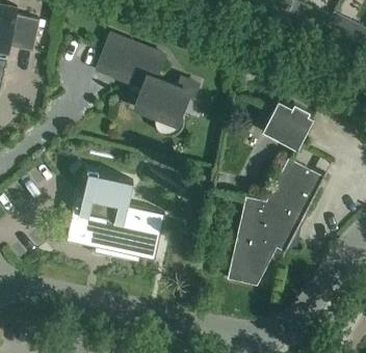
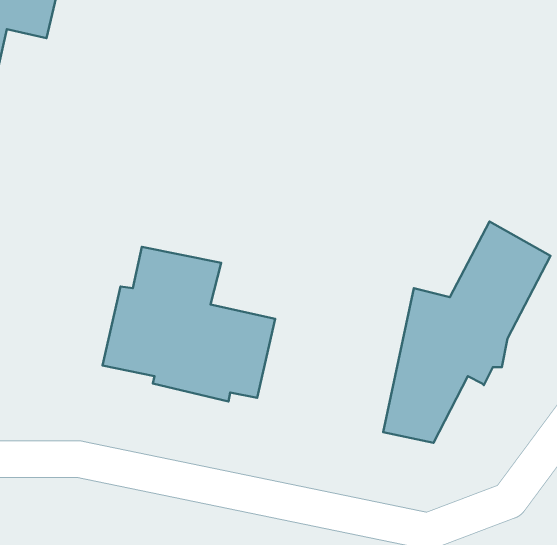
building: [97,33,198,124] -> none
building: [261,100,313,150] -> none

